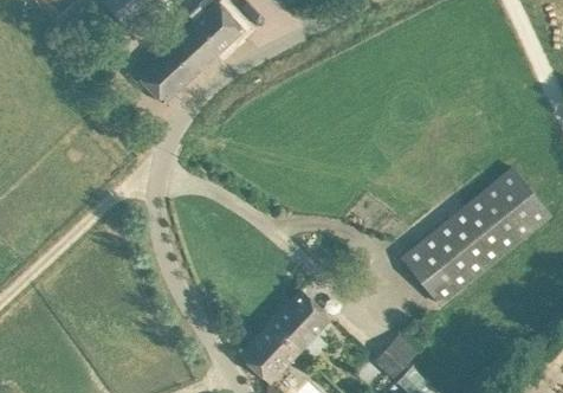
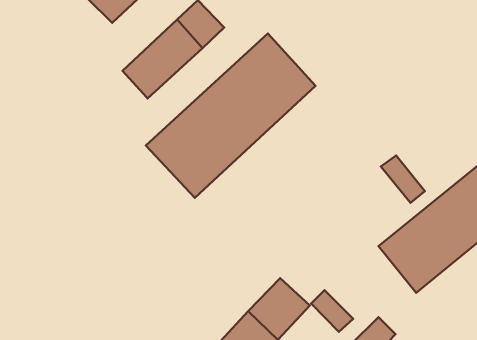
building: none -> [146,33,315,198]
building: none -> [381,155,425,203]
building: none -> [311,290,353,332]

